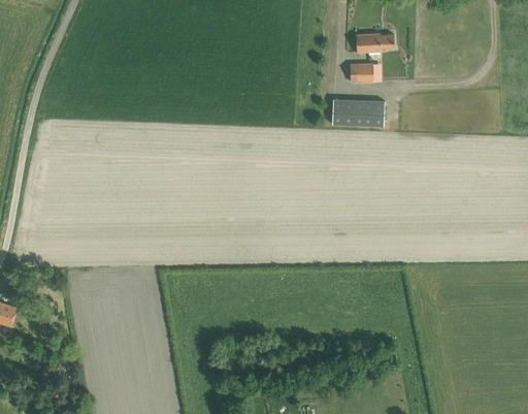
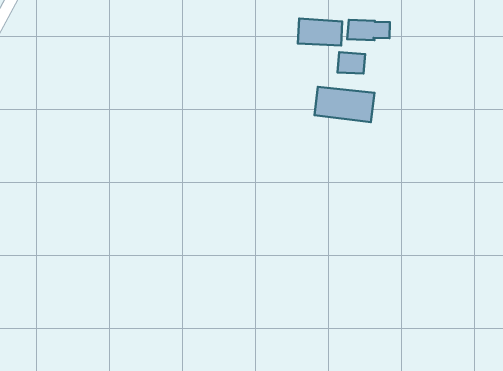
building: none -> [298,19,342,45]

